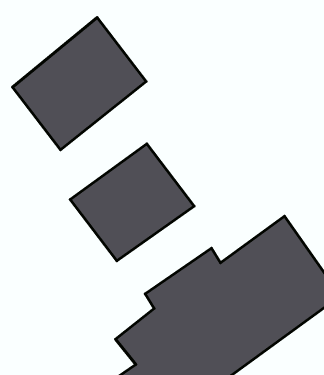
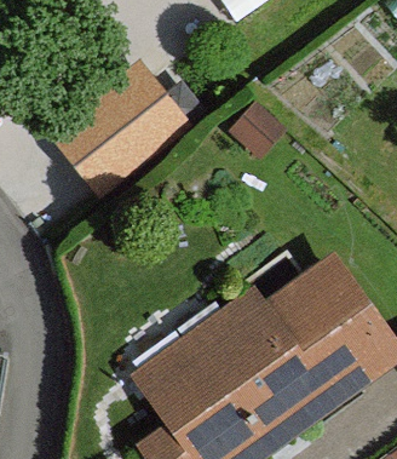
building: [70,144,194,261] -> none

